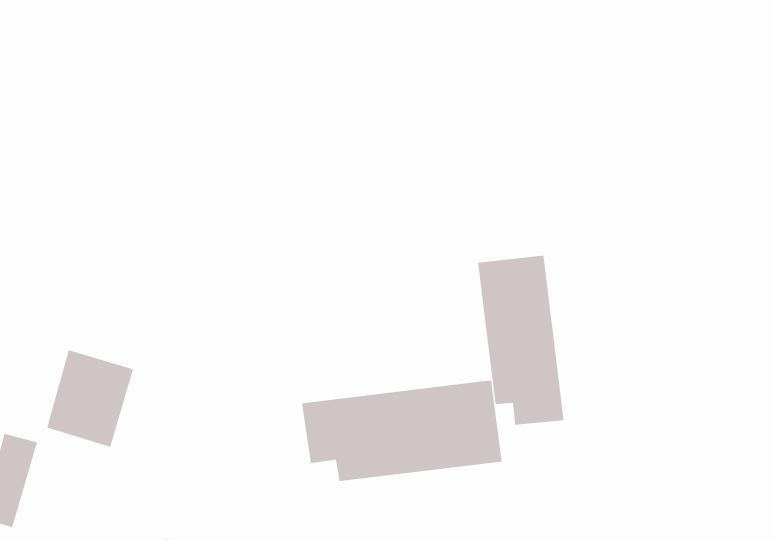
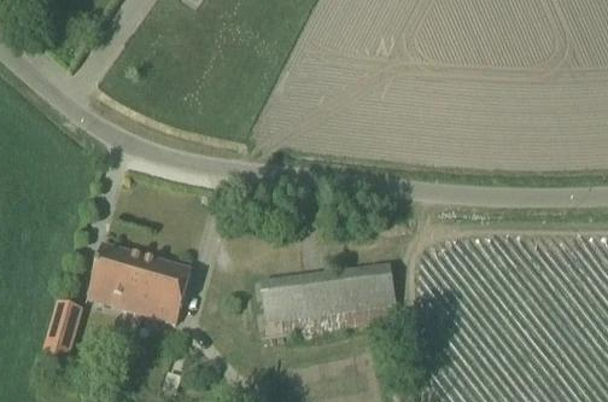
building: [478,255,564,425] -> none
building: none -> [130,256,191,321]

